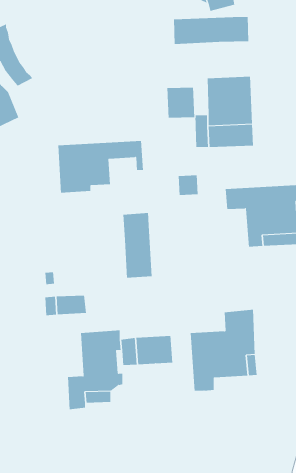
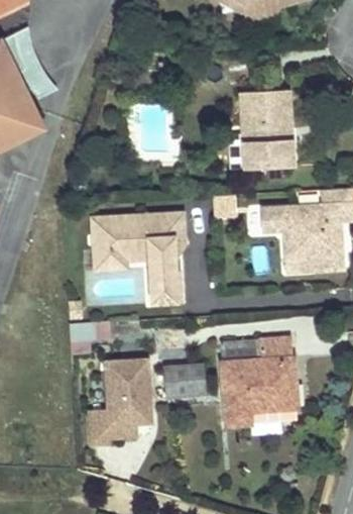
building: [174,16,249,45] -> none
building: [167,87,195,119] -> none
building: [57,140,144,193] -> [95,215,188,272]
building: none -> [221,340,260,363]

